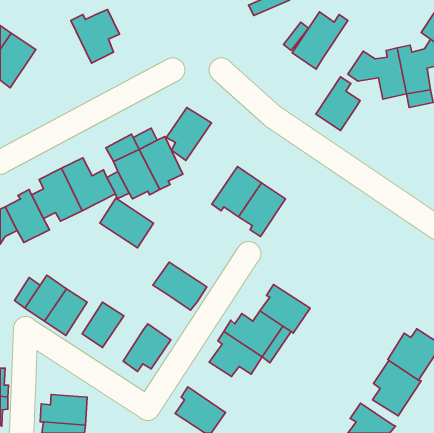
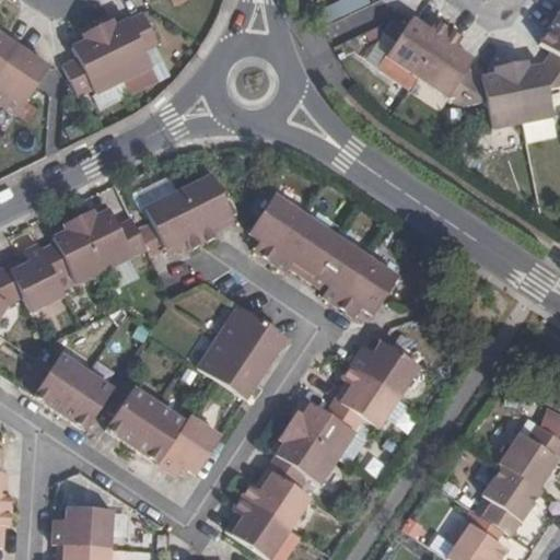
building: none -> [61,26,120,96]
building: [316,77,360,131] -> [417,26,474,95]
building: [166,107,211,160] -> [249,194,307,261]
building: [100,198,154,248] -> [220,304,289,368]
building: none -> [337,255,400,316]
building: none -> [353,340,420,395]
building: none -> [135,405,187,463]
building: none -> [244,464,315,528]

